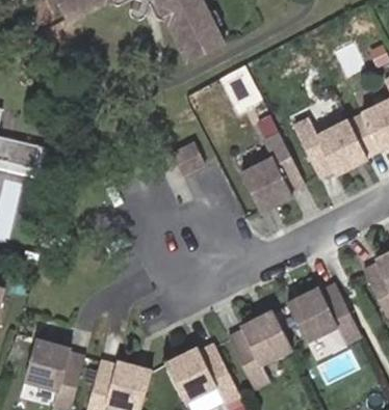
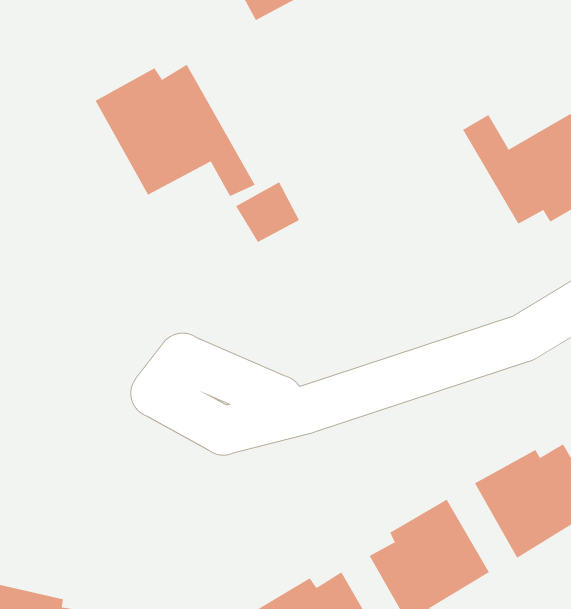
building: none -> [95,64,256,197]
building: [242,129,305,209] -> none

